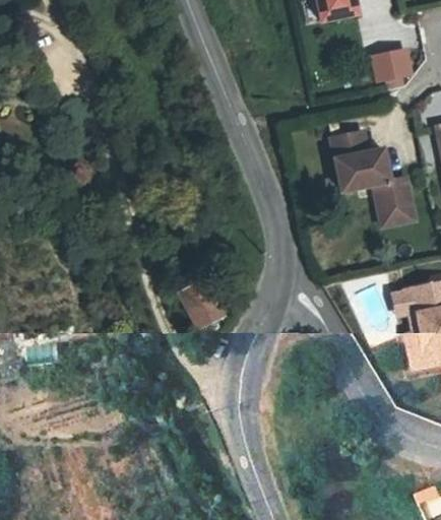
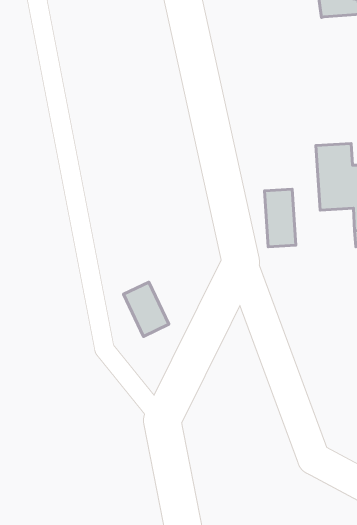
building: none -> [265,189,296,247]

